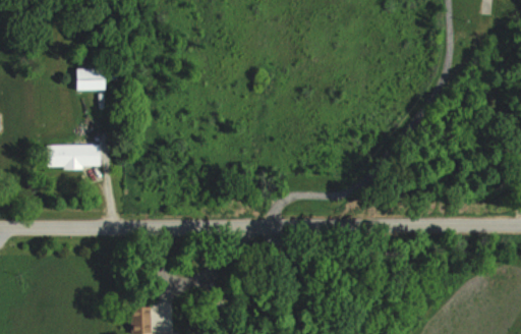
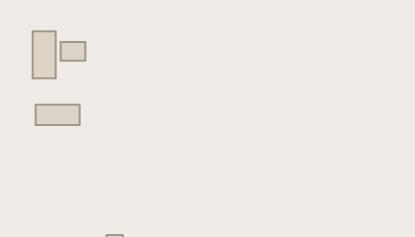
building: none -> [33,31,56,79]

